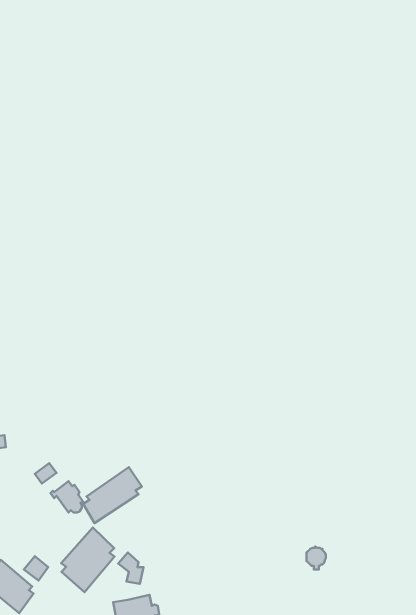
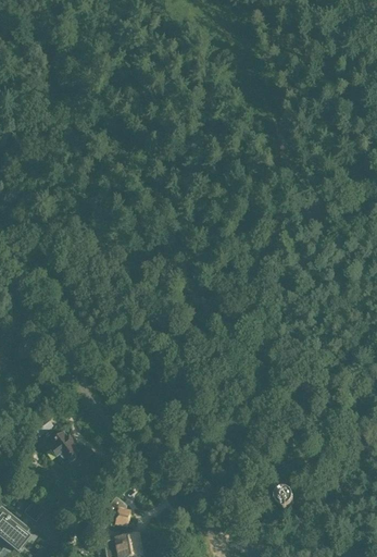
building: [83,467,142,523] -> none
building: [61,528,115,592] -> none

